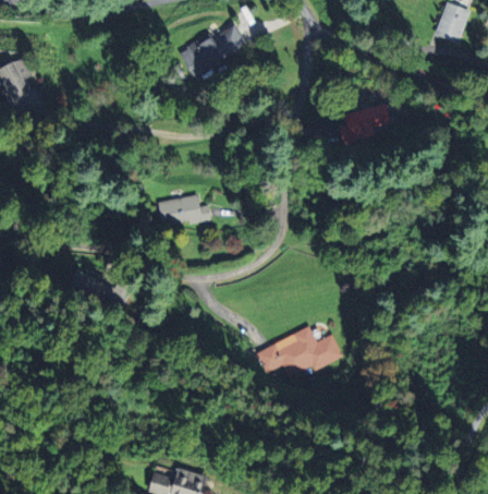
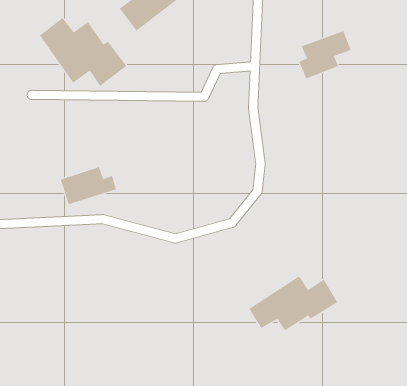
building: none -> [39,17,127,87]
building: [158,194,210,226] -> [60,166,117,205]

